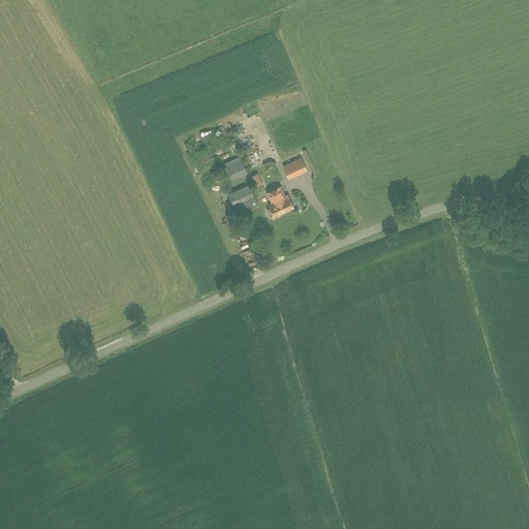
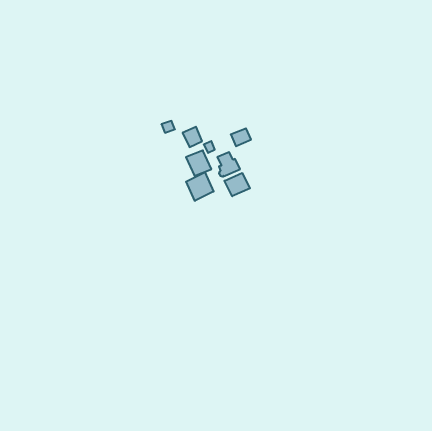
building: none -> [186,172,214,201]
building: none -> [224,173,250,196]

